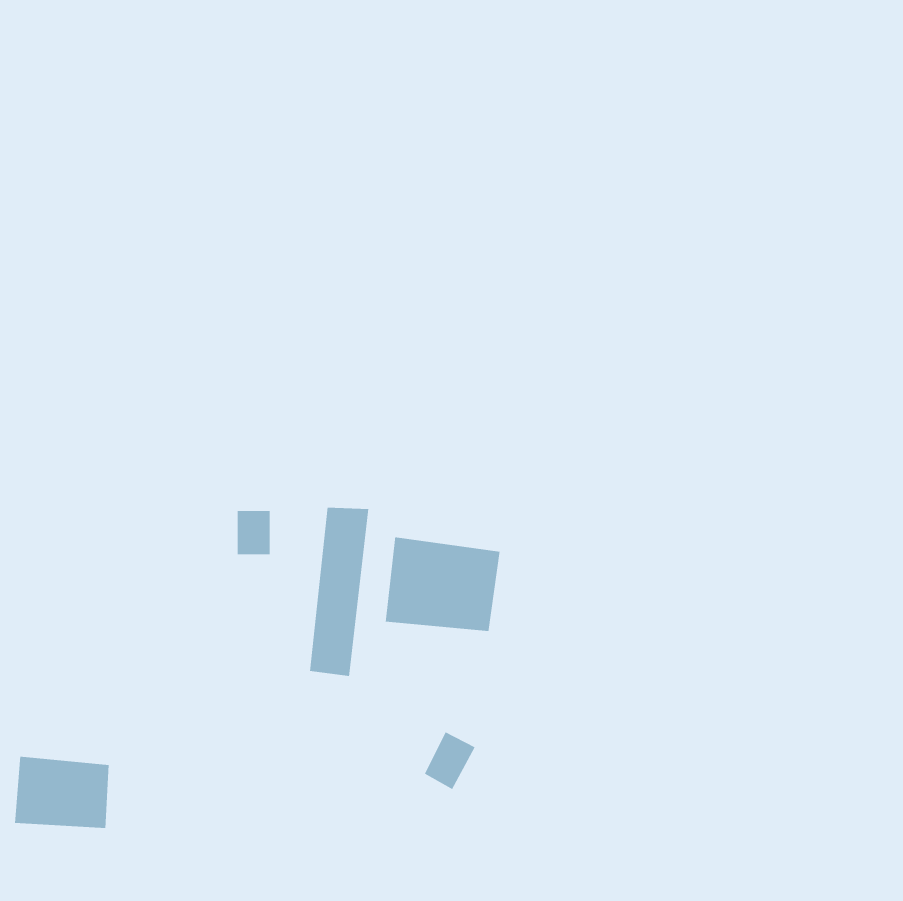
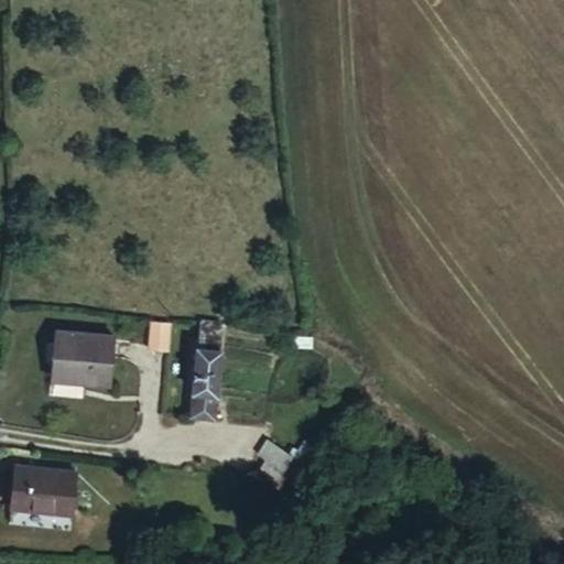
building: none -> [46,329,112,383]
building: [385,537,500,632] -> none

